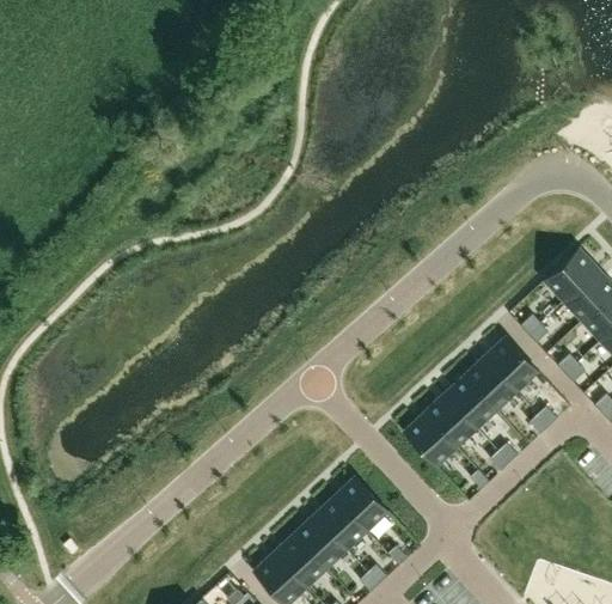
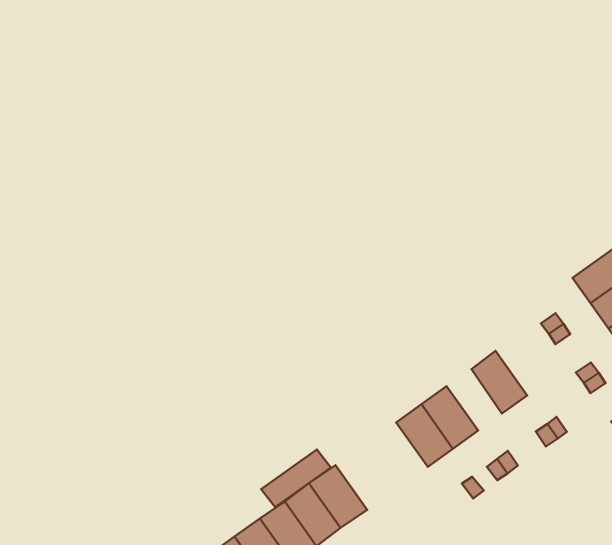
building: [484,336,539,391] -> none
building: [445,374,497,428] -> none
building: none -> [261,450,331,507]

